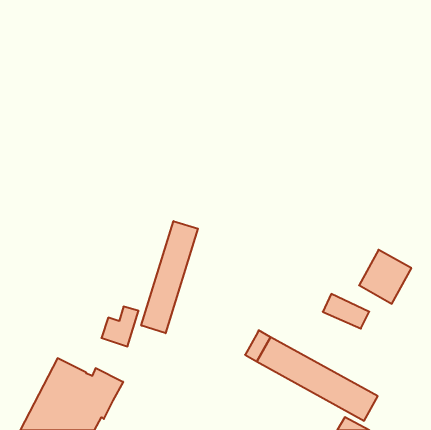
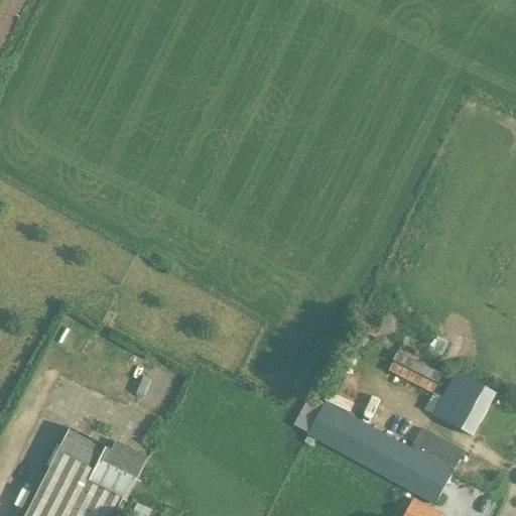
building: [141,221,198,333] -> none
building: [359,250,411,304] -> [432,371,495,435]
building: none -> [410,427,463,469]

